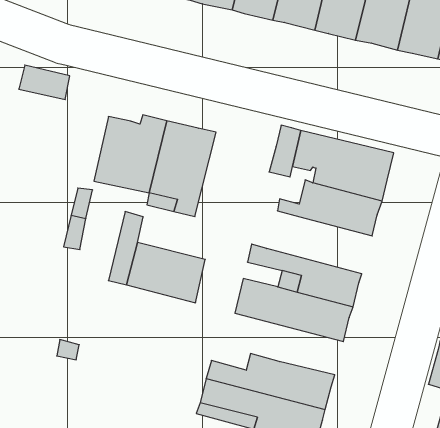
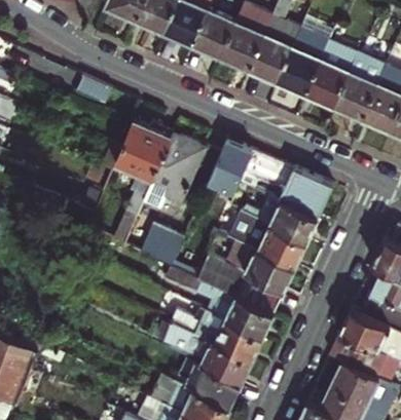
building: none -> [206,153,248,199]
building: none -> [228,212,305,267]
building: none -> [167,267,271,336]

